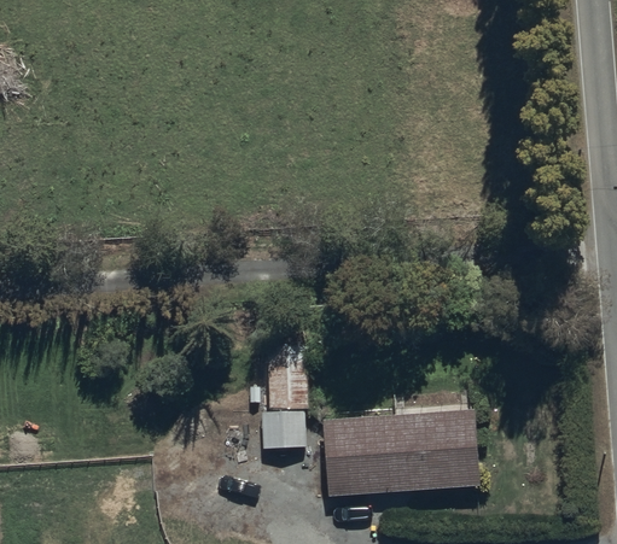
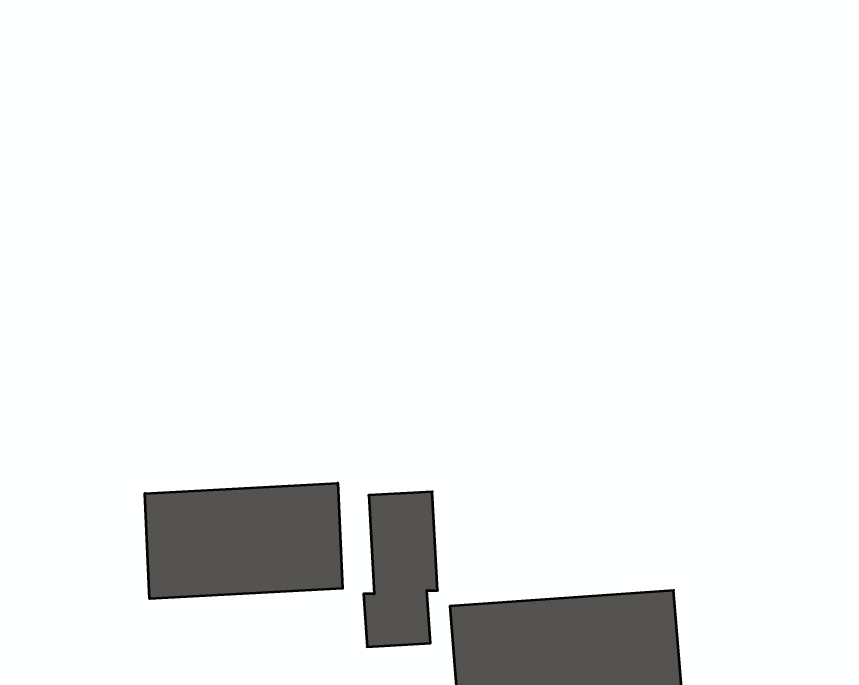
building: none -> [145,483,343,599]

